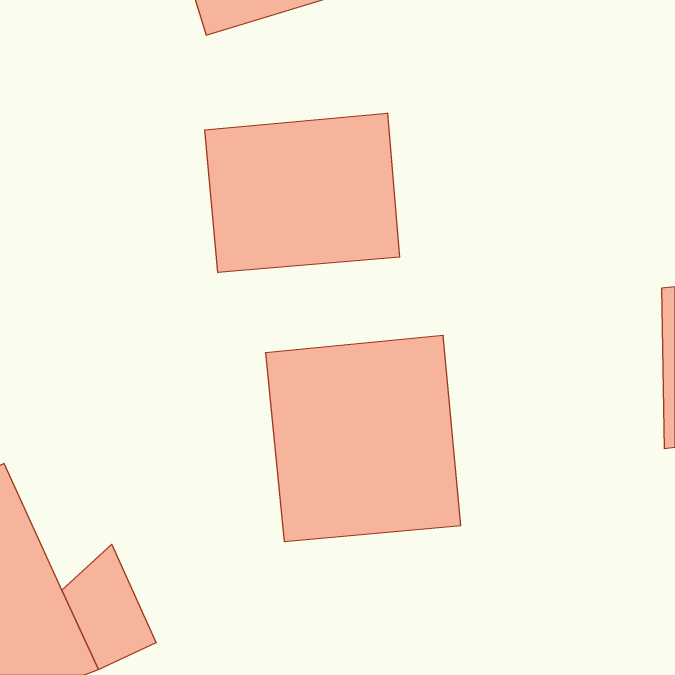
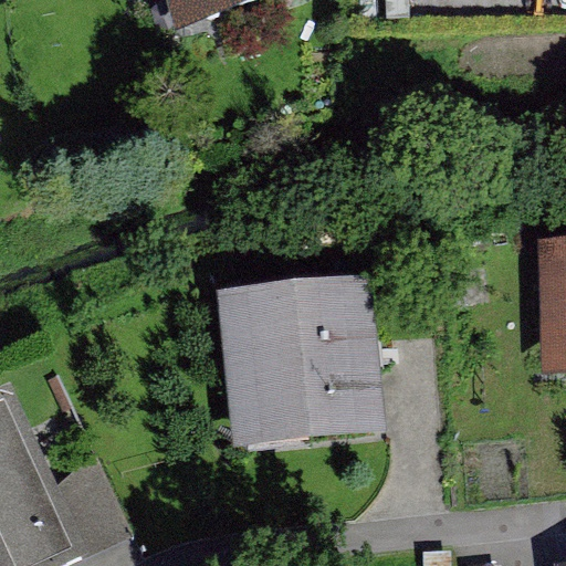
building: [205,113,400,273] -> none

